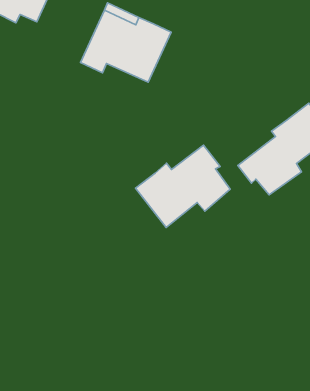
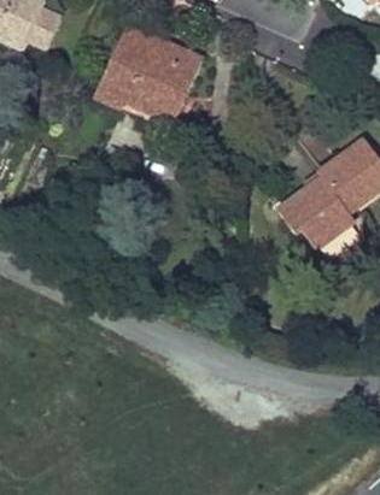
building: [136,145,230,227] -> none

